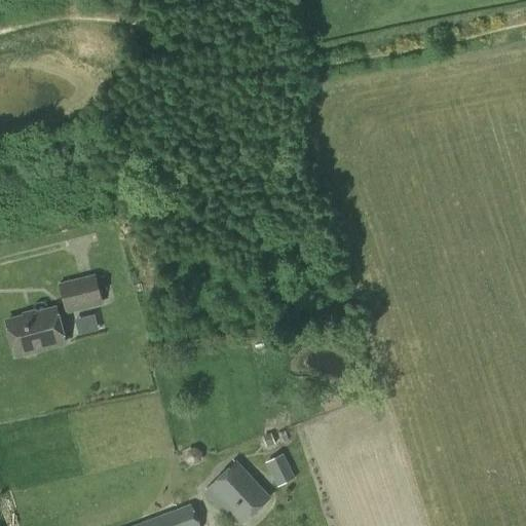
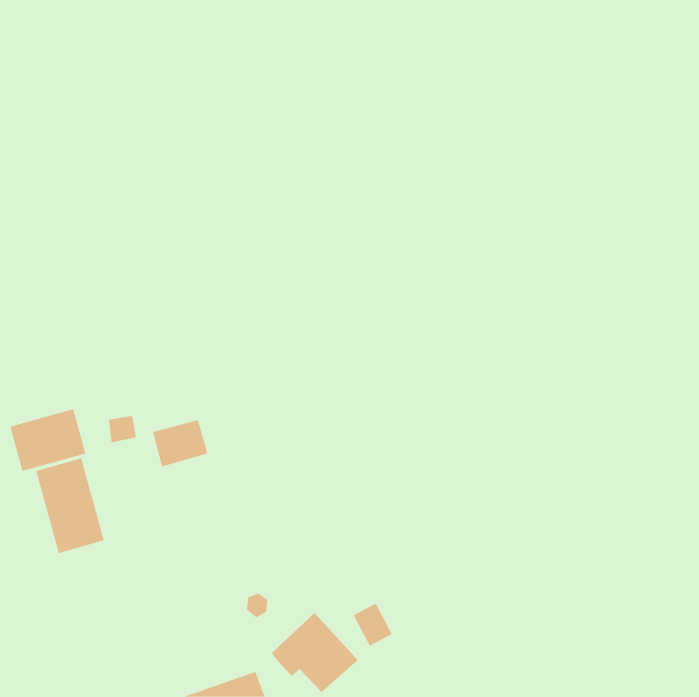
building: [60,274,102,310] -> [152,419,208,467]
building: none -> [35,458,104,554]

